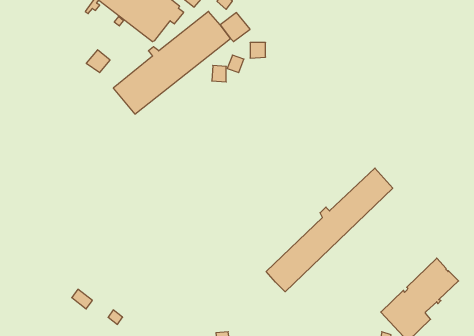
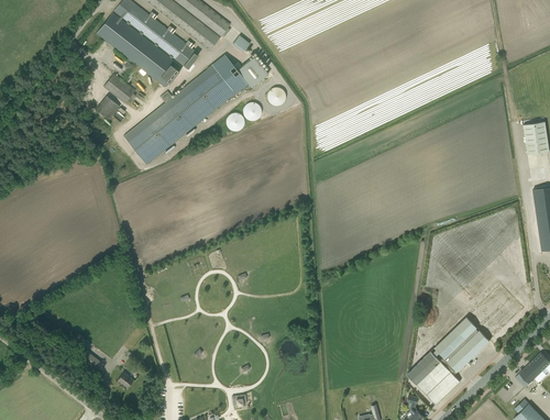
building: none -> [103,73,135,103]
building: [266,168,393,292] -> none

